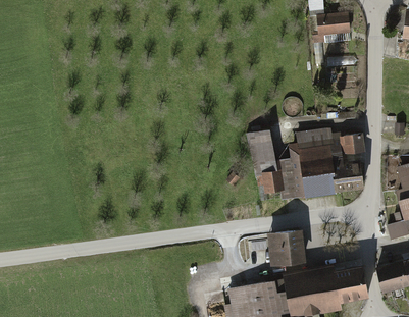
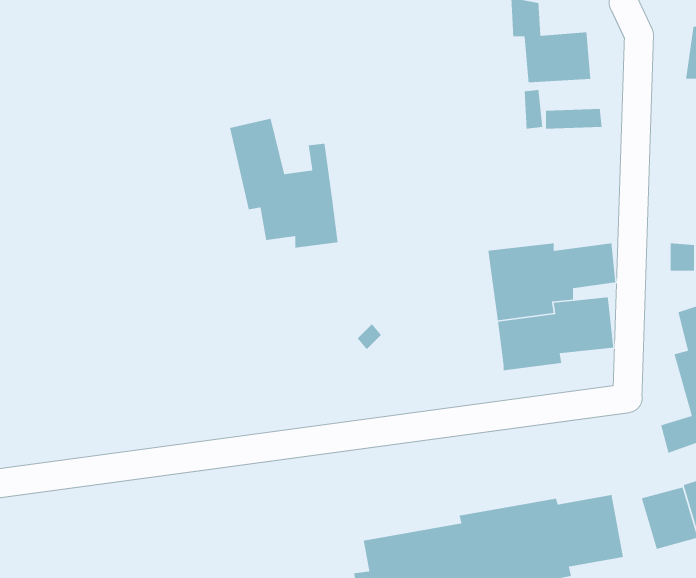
building: [247,129,305,199] -> [229,118,338,249]
building: [266,230,306,267] -> none

